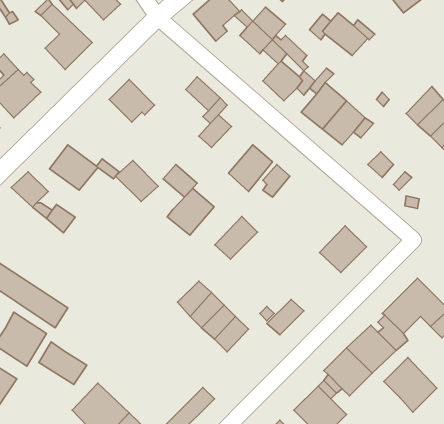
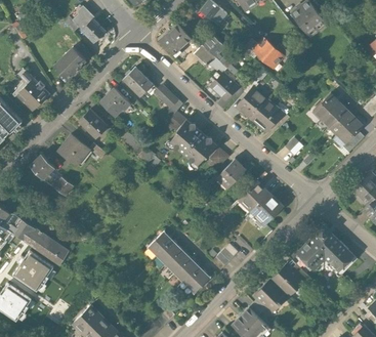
building: none -> [122,67,153,97]
building: [116,160,158,202] -> [78,110,109,139]
building: [167,188,214,235] -> [168,120,202,154]
building: none -> [239,181,268,211]
building: [215,217,257,259] -> [216,158,247,188]
building: none -> [183,266,211,294]
building: [39,342,87,385] -> none
building: [384,358,437,412] -> none

